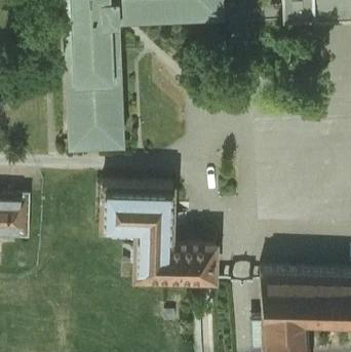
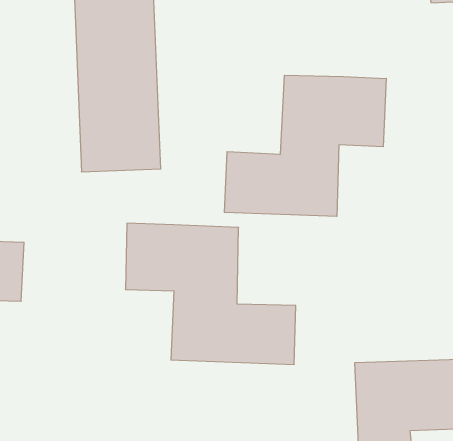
building: none -> [224,75,386,216]

